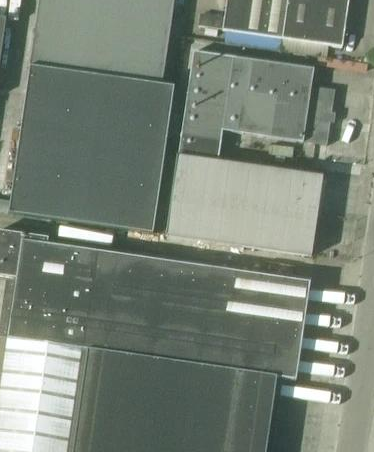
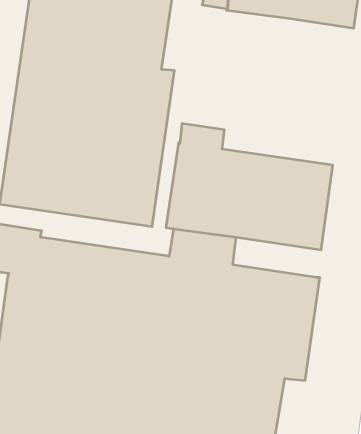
building: [180,49,335,143] -> none

